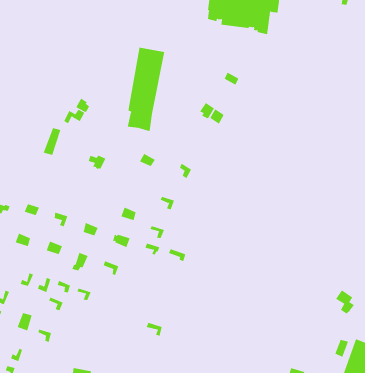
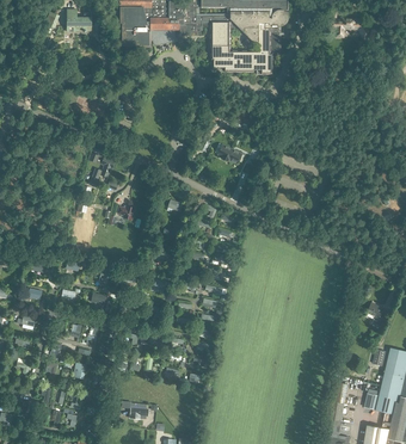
building: [127,47,165,132] -> none

